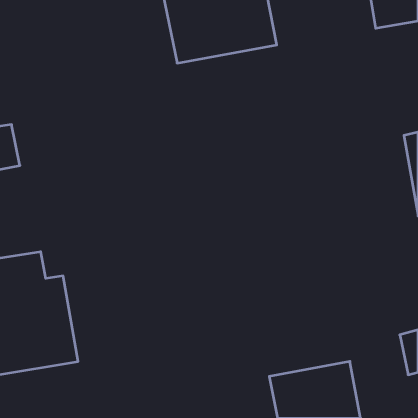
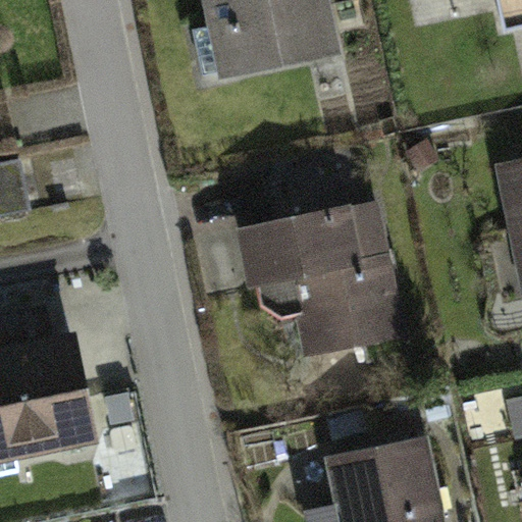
building: none -> [236,215,402,351]

